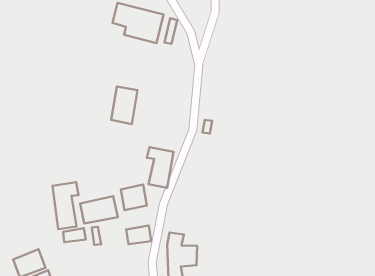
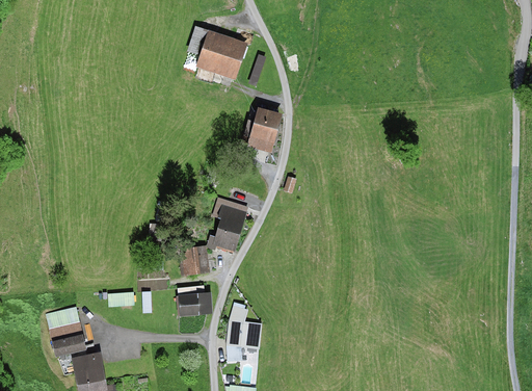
building: [111,87,137,124] -> [244,106,278,152]
building: [52,182,78,229] -> none
building: [80,196,118,224] -> none

